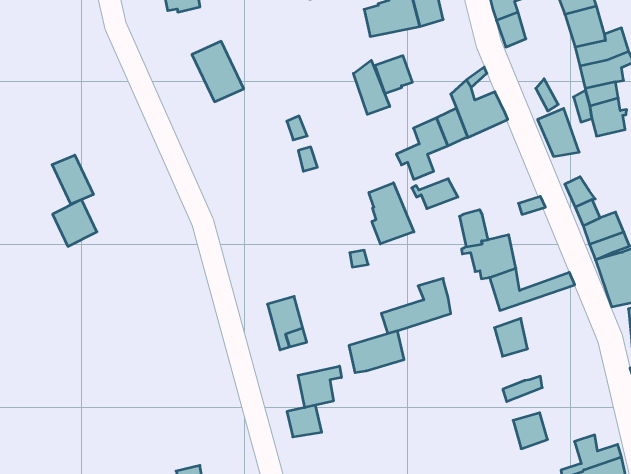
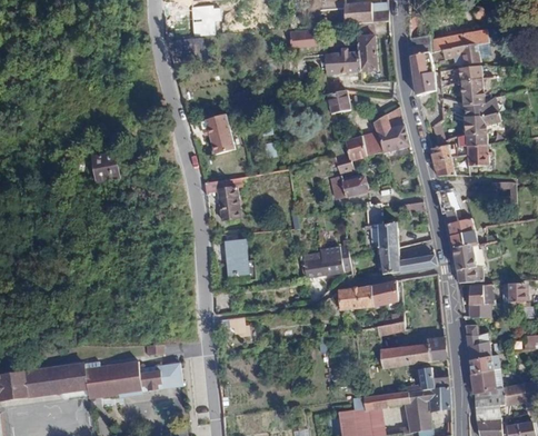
building: [192,41,244,102] -> [203,112,235,152]
building: [353,60,390,114] -> none
building: [52,155,93,204] -> none
building: [369,183,414,244] -> none
building: none -> [205,178,237,219]
building: [349,331,404,373] -> [337,285,372,308]
building: [298,366,341,408] -> none
building: none -> [398,339,446,365]

